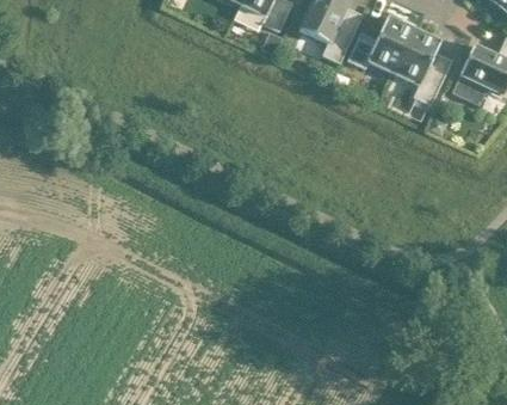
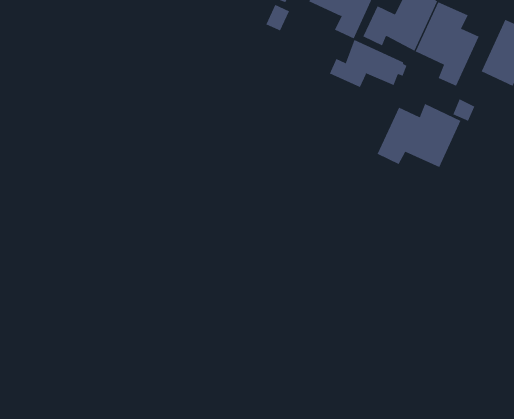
building: none -> [329,39,407,88]
building: none -> [377,103,461,168]

